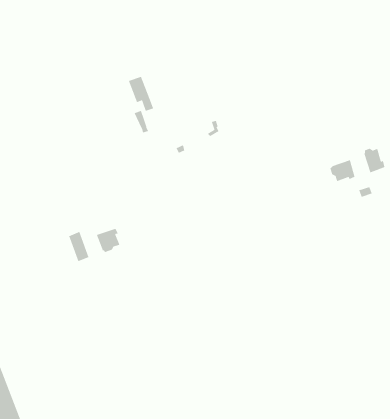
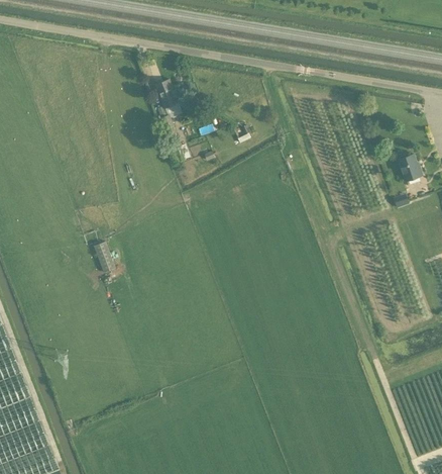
building: [329,159,356,182] -> none
building: [96,228,121,253] -> none

